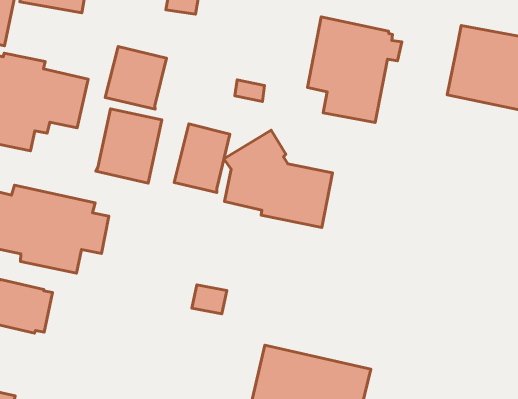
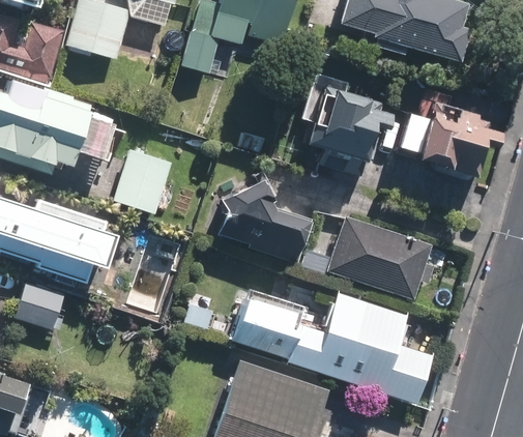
building: [105,47,167,109] -> none
building: [174,124,230,192] -> none
building: none -> [327,214,435,299]
building: none -> [230,291,428,401]

